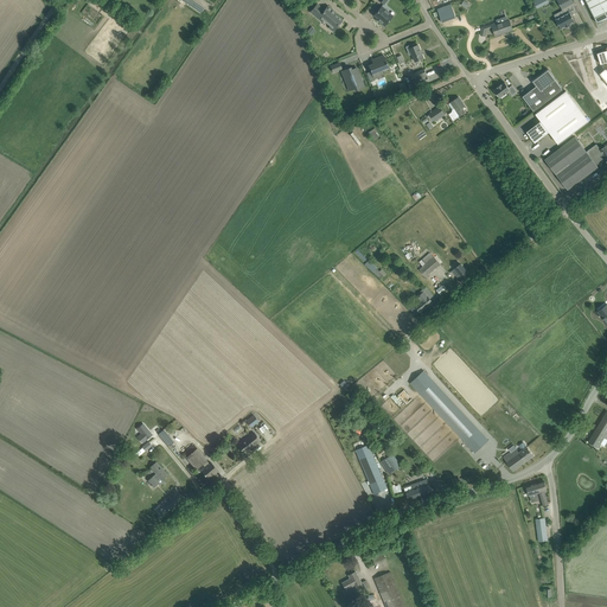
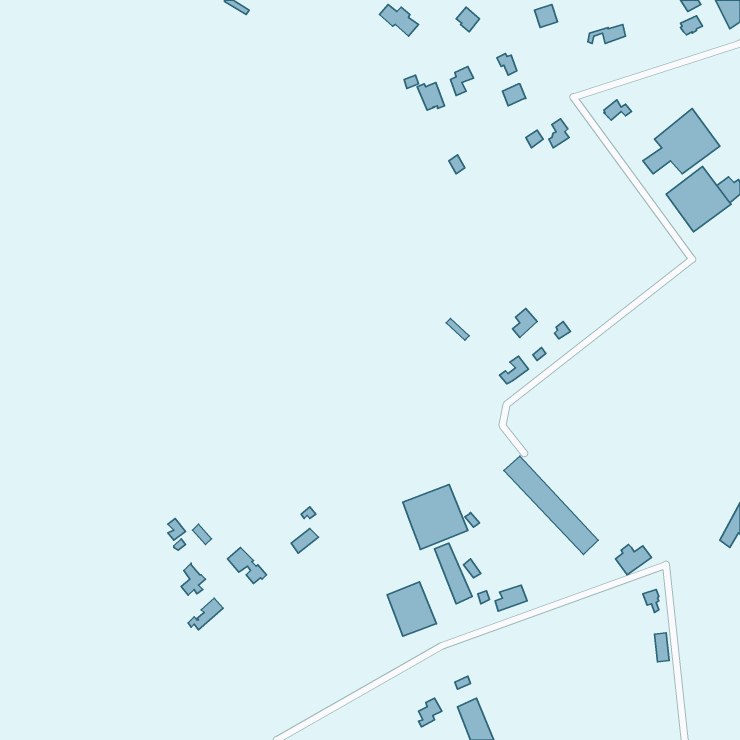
building: [523,70,563,111] -> none
building: none -> [403,485,468,550]
building: none -> [387,582,436,636]

